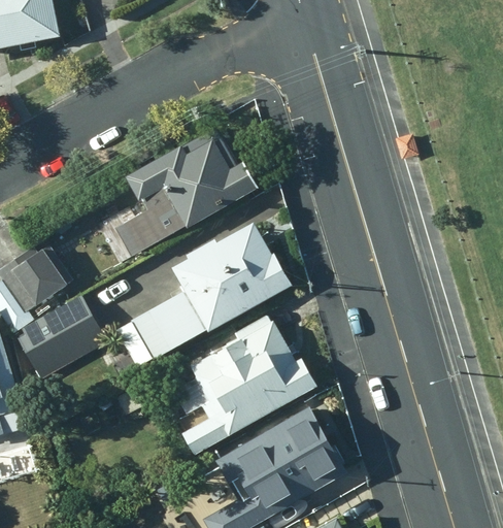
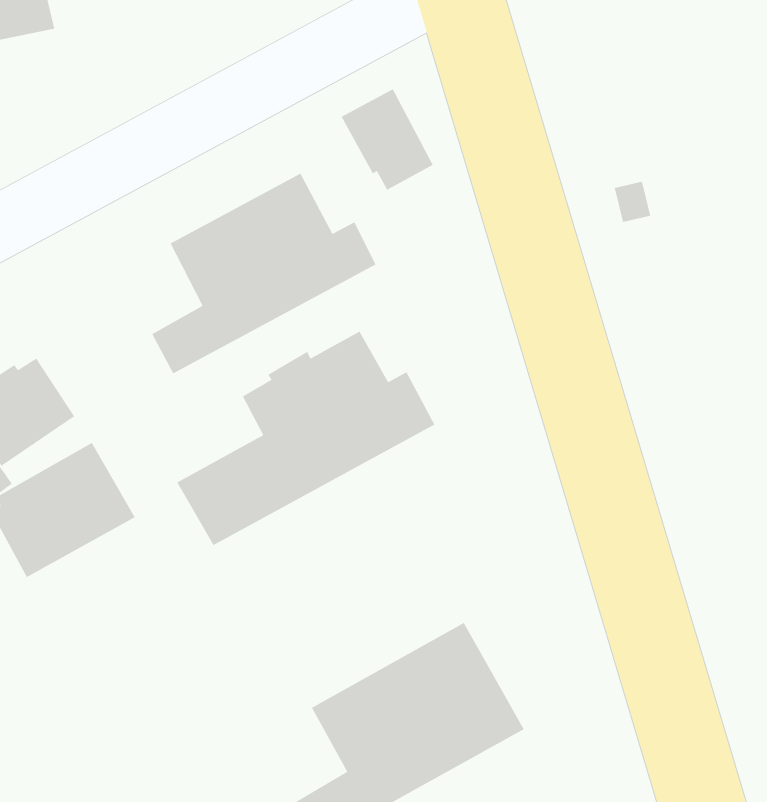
building: none -> [341,88,434,191]
building: [181,316,316,453] -> none

